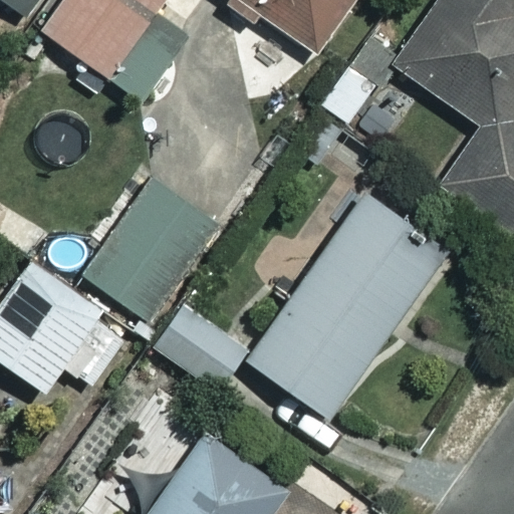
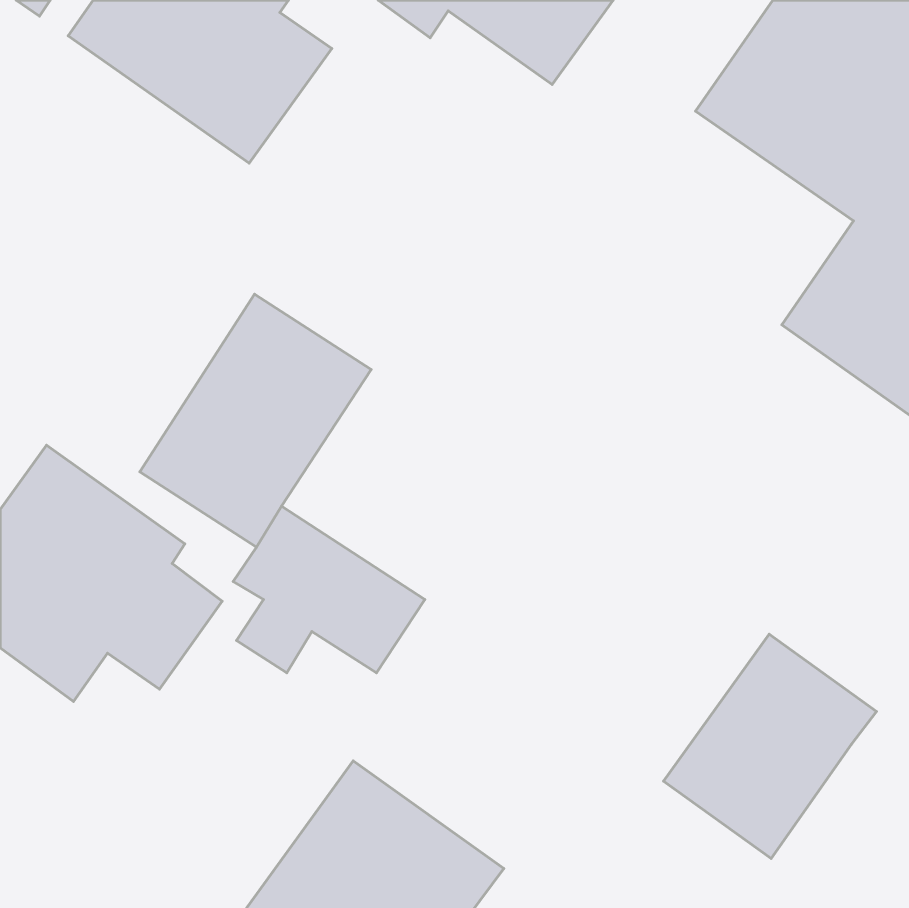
building: [245,195,446,418] -> none
building: none -> [664,634,877,858]

